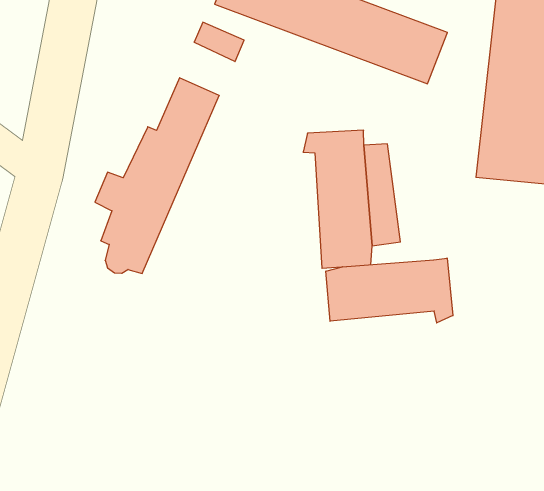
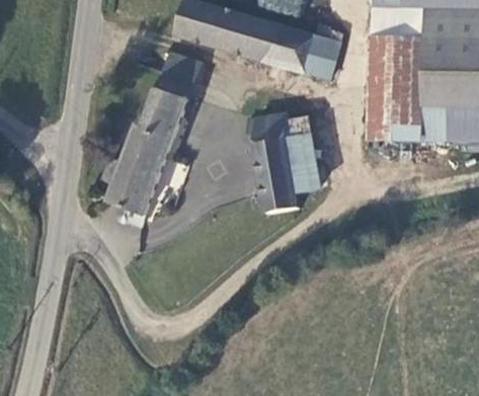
building: none -> [160,61,197,96]
building: [326,258,453,323] -> none

